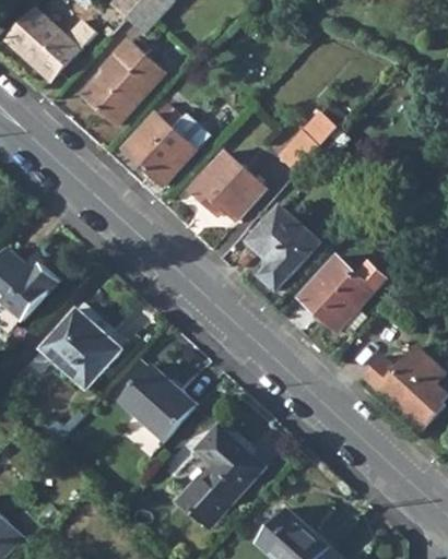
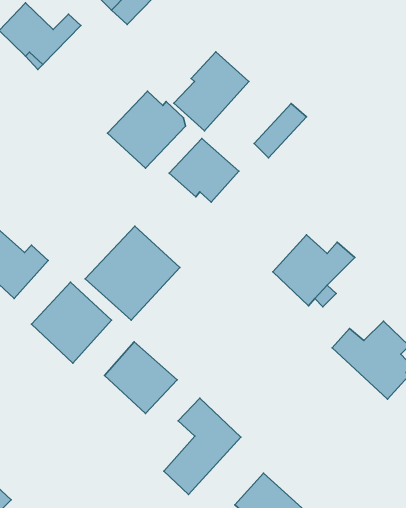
building: [82,38,162,122] -> [174,52,249,131]
building: [244,202,317,274] -> none
building: none -> [85,226,180,320]

